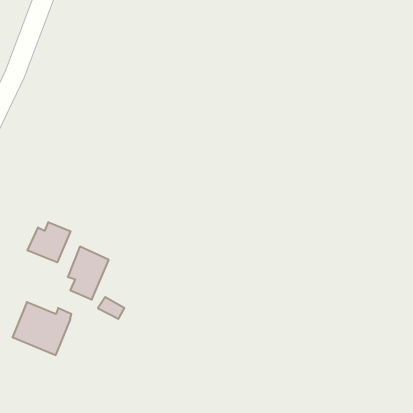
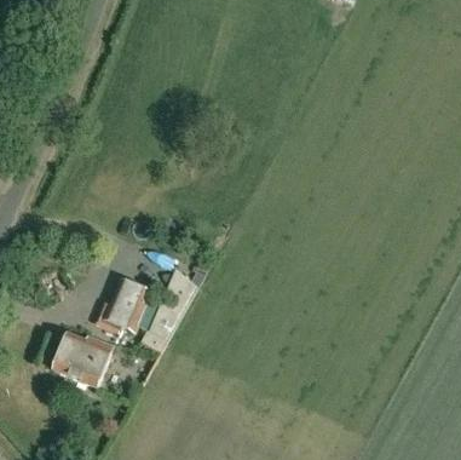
building: [28,222,70,262] -> none

